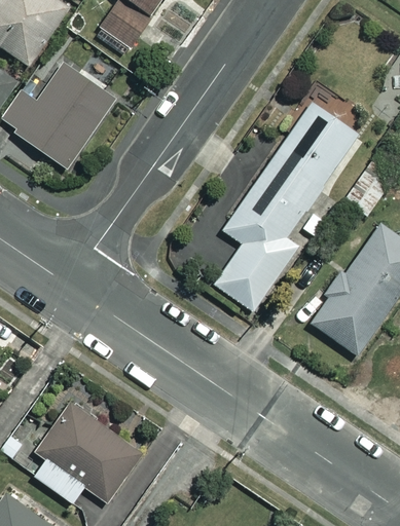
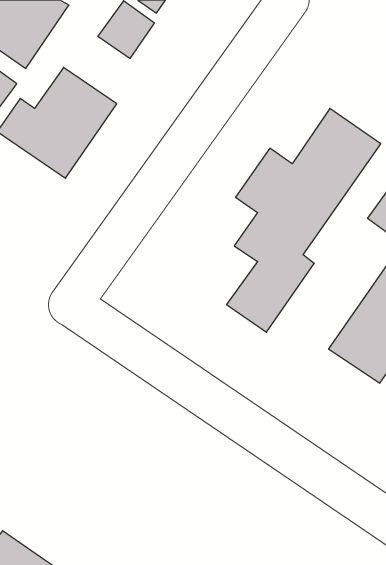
building: [34,402,141,502] -> none

